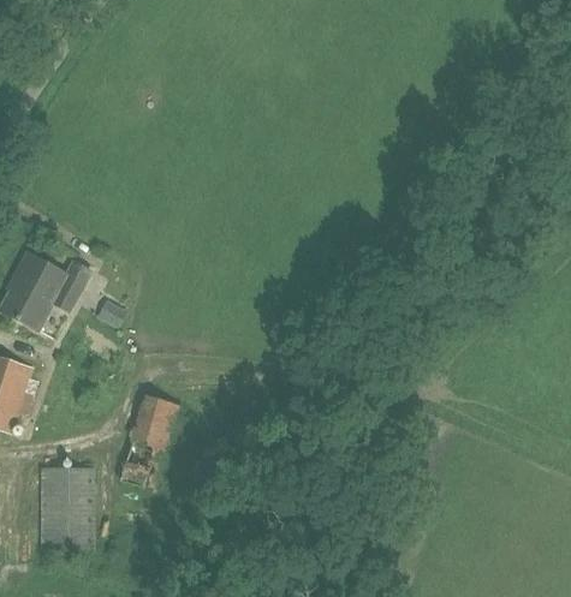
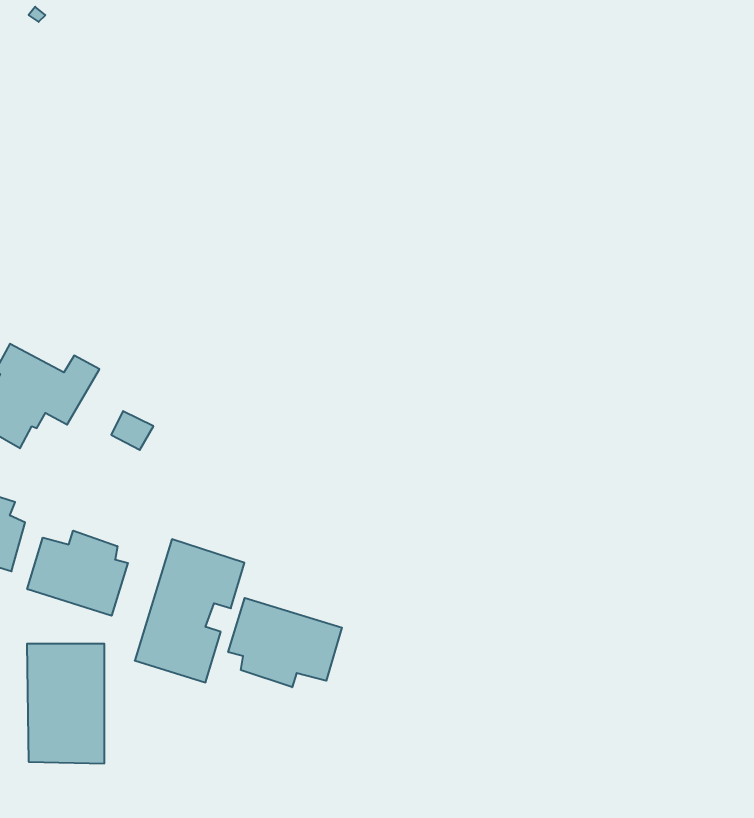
building: none -> [27,531,128,616]
building: none -> [228,598,342,687]

